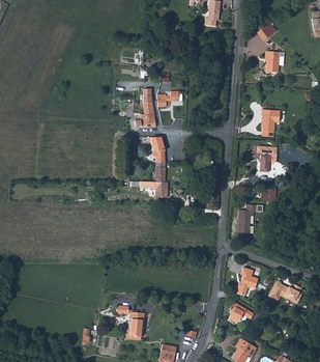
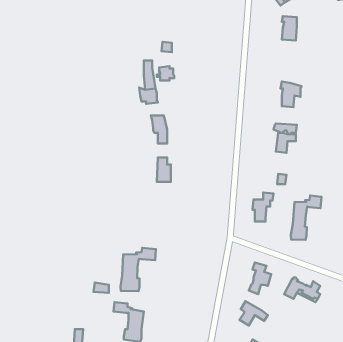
building: none -> [291,196,322,240]
building: none -> [120,248,156,291]

